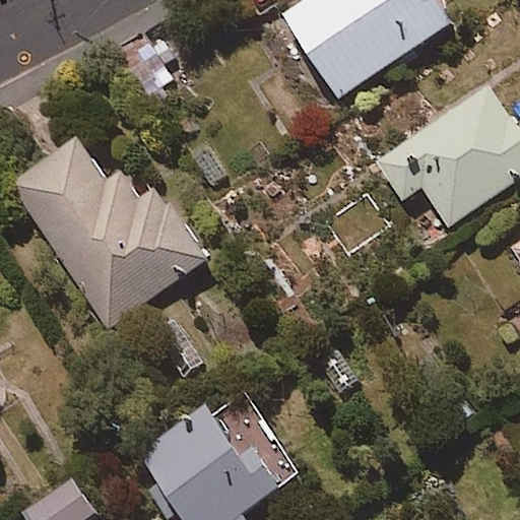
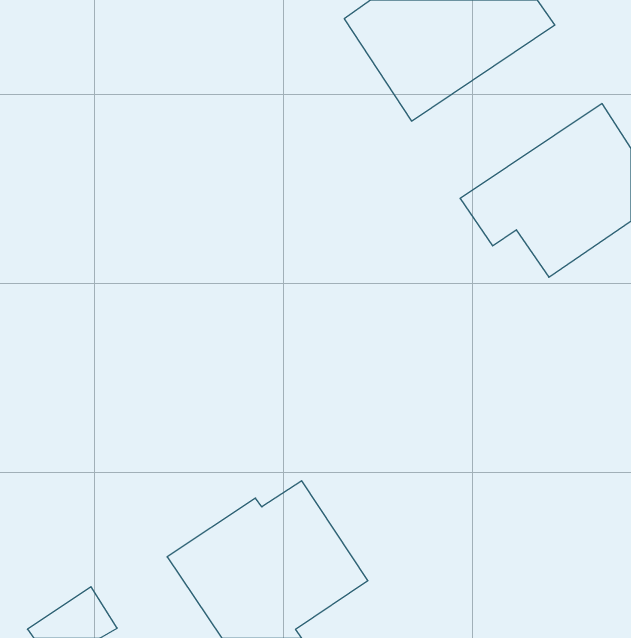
building: [9,137,208,328] -> none

